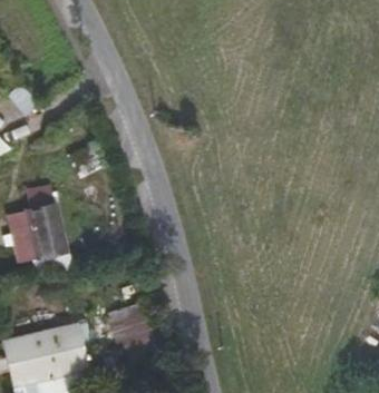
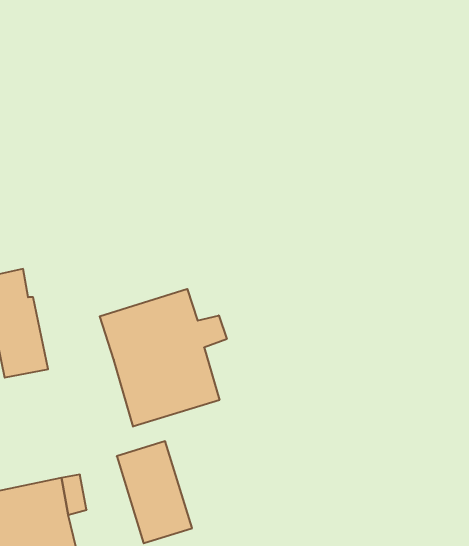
building: none -> [100,289,227,427]

